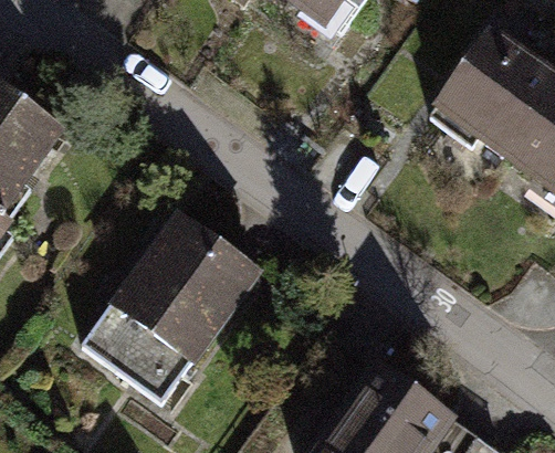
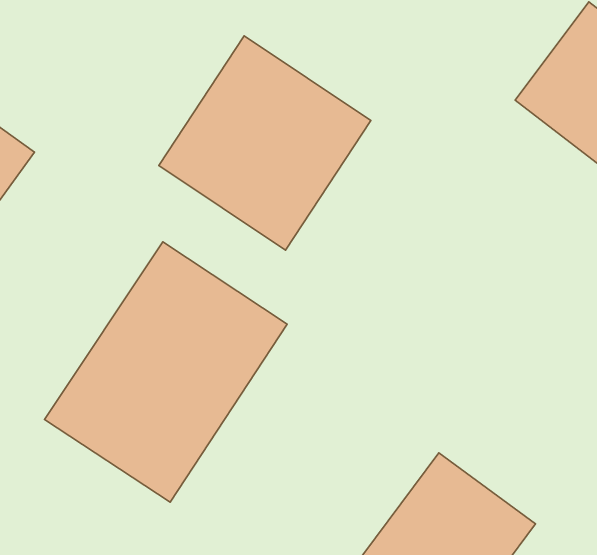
building: none -> [159,36,371,250]

